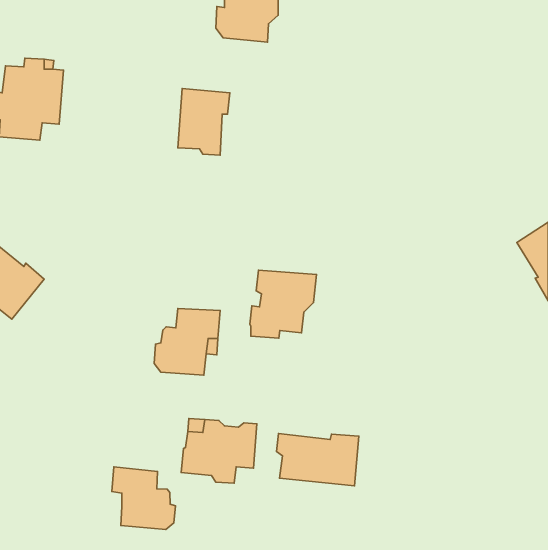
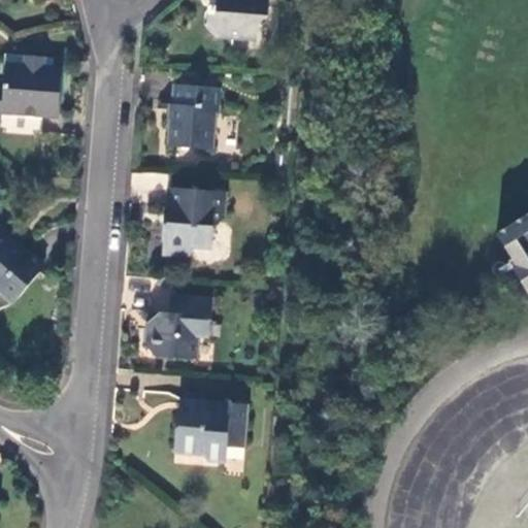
building: [250,270,317,338] -> [161,189,225,254]
building: [276,434,359,486] -> none
building: [112,467,176,529] -> none

